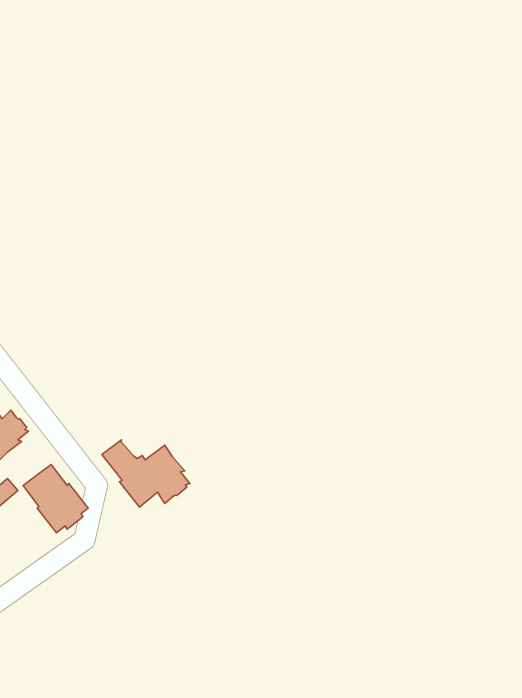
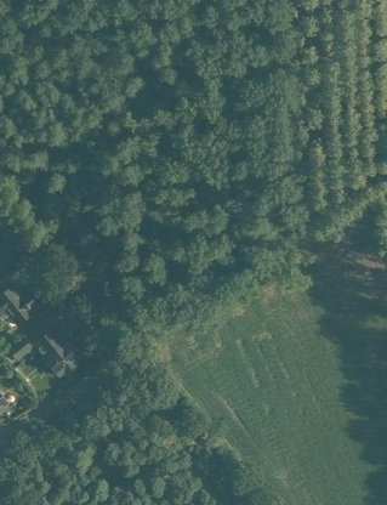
building: [102,440,190,507] -> none

